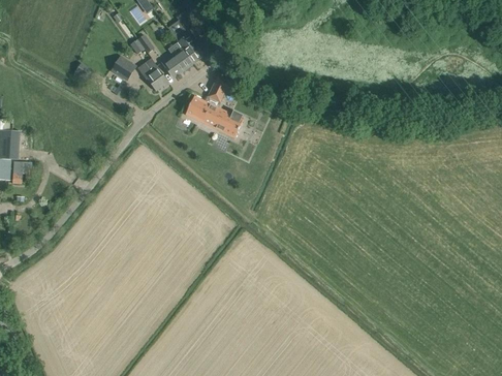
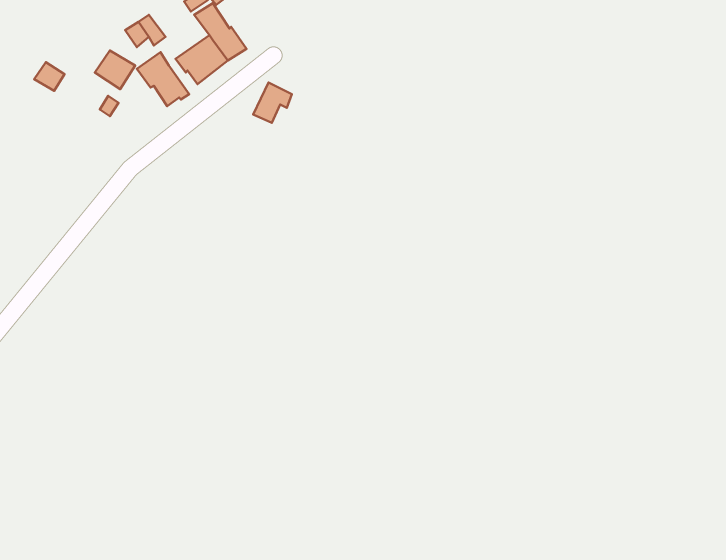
building: [185,96,243,137] -> none

